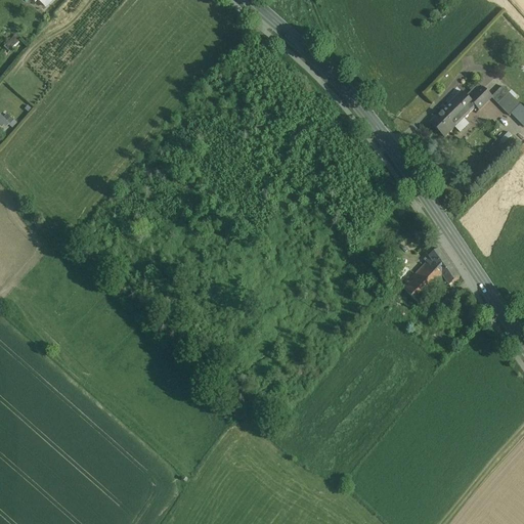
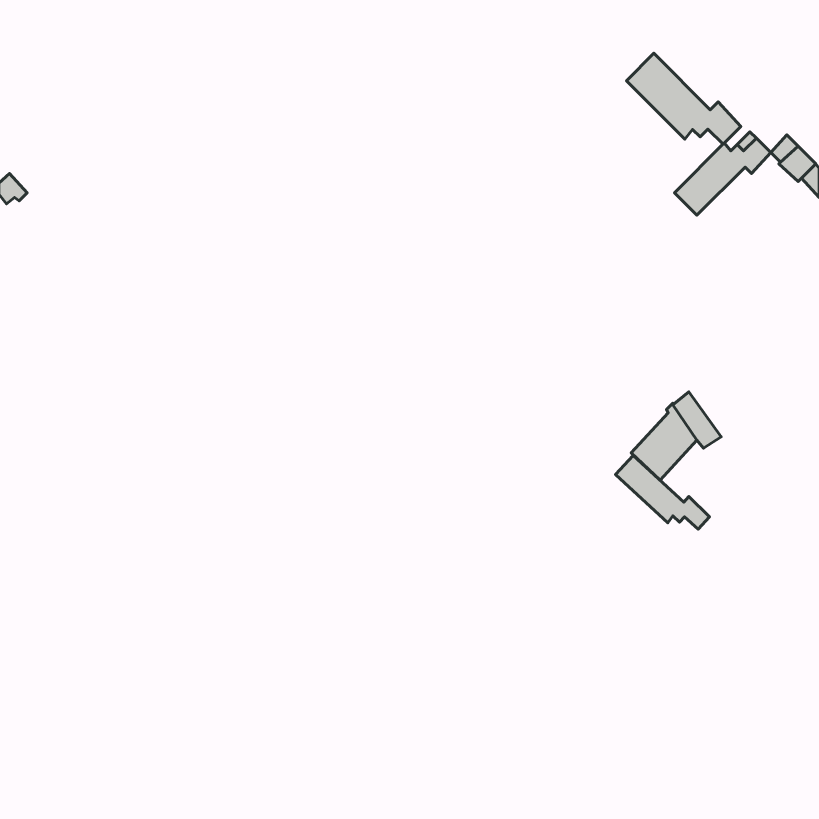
building: none -> [626,53,741,144]
building: none -> [615,455,710,529]

